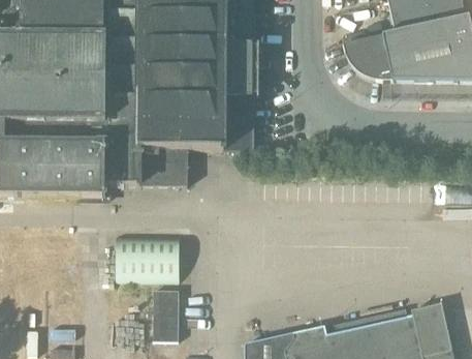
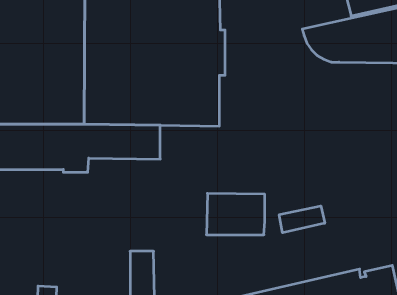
building: [115,235,179,280] -> [206,193,265,235]
building: none -> [279,206,325,233]

